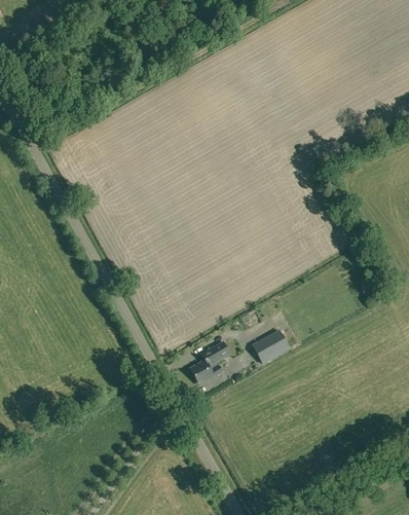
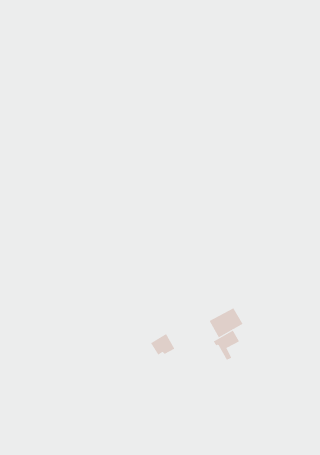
building: [203,341,232,374] -> [213,330,240,361]

